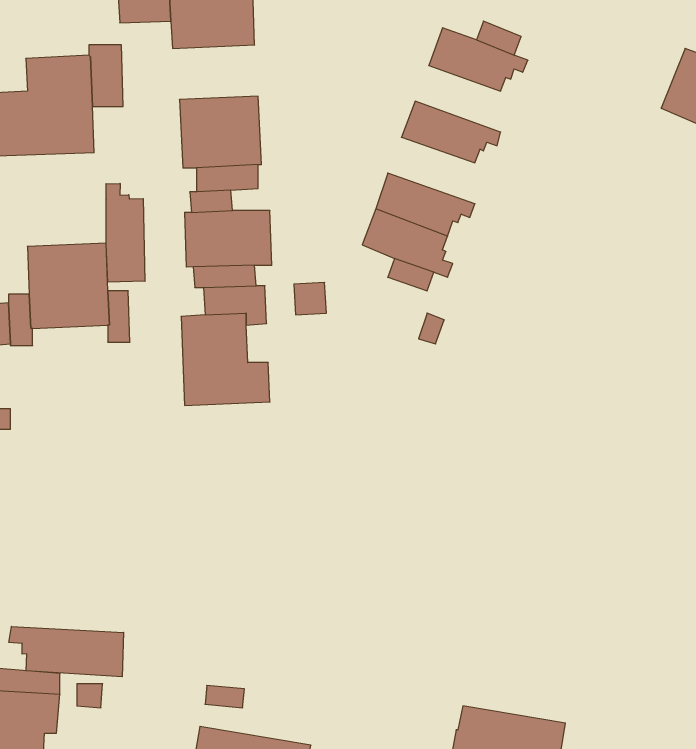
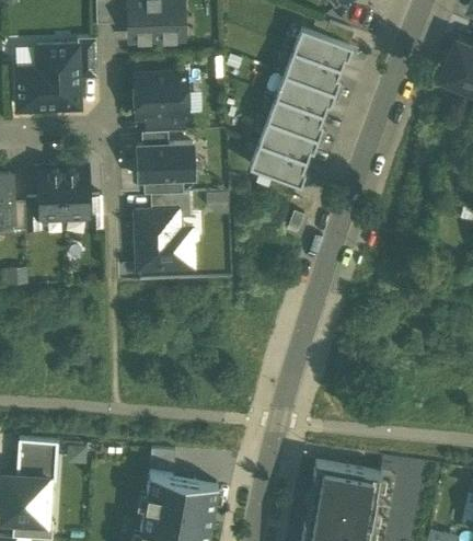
building: none -> [285,53,343,95]
building: none -> [267,99,325,141]
building: [106,183,145,282] -> none
building: [9,626,124,677] -> none

